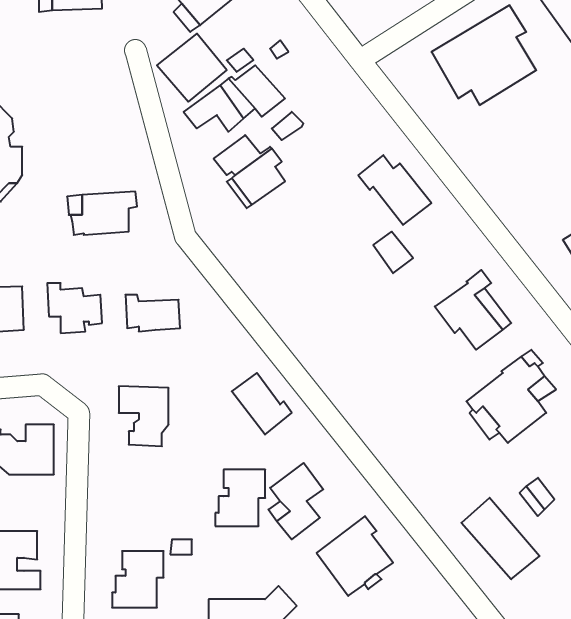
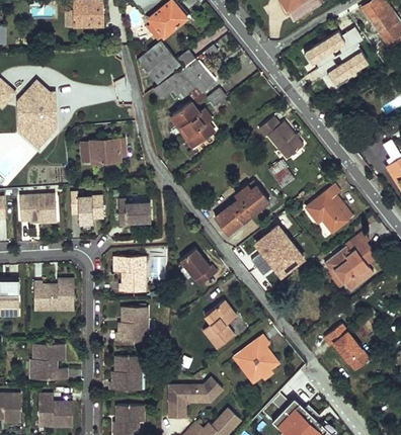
building: none -> [215,182,268,234]
building: none -> [251,226,305,280]
building: [215,470,265,526] -> [116,307,147,341]

